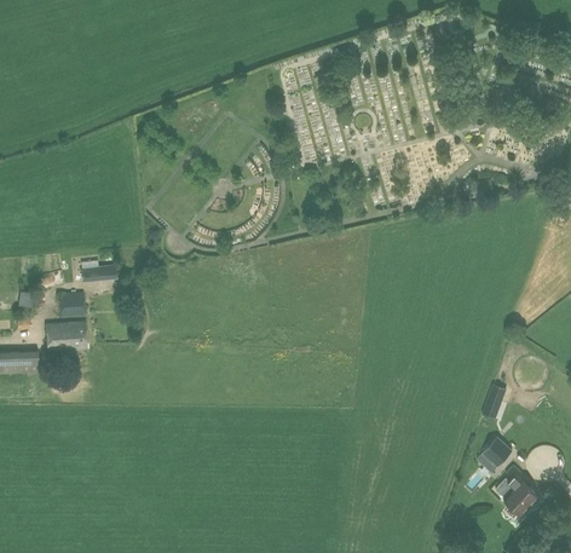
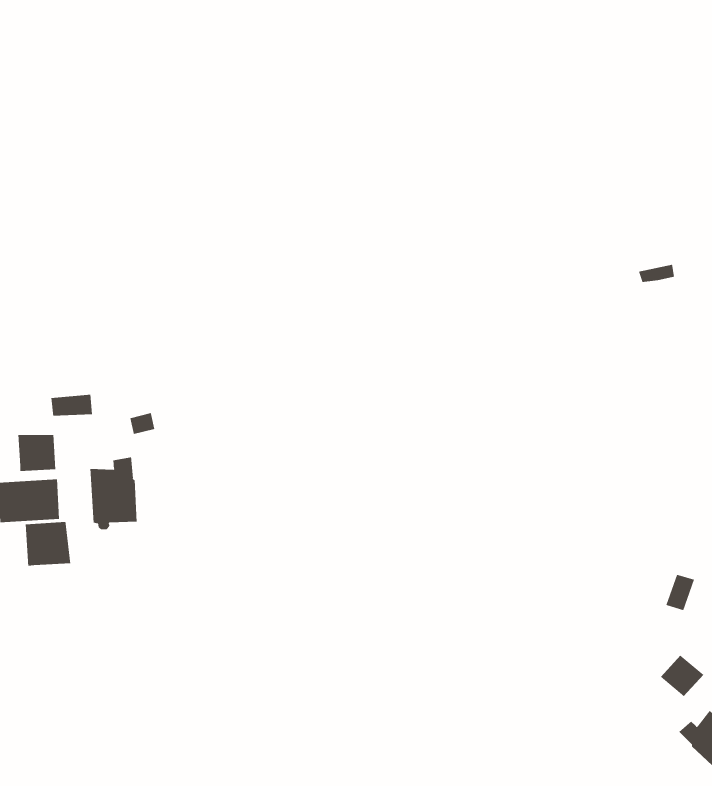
building: none -> [90,456,137,530]
building: none -> [25,521,71,566]

